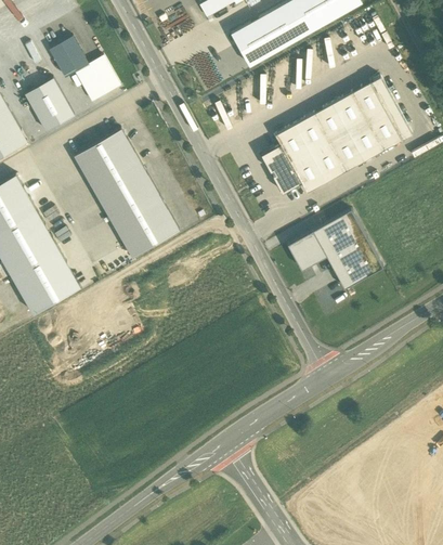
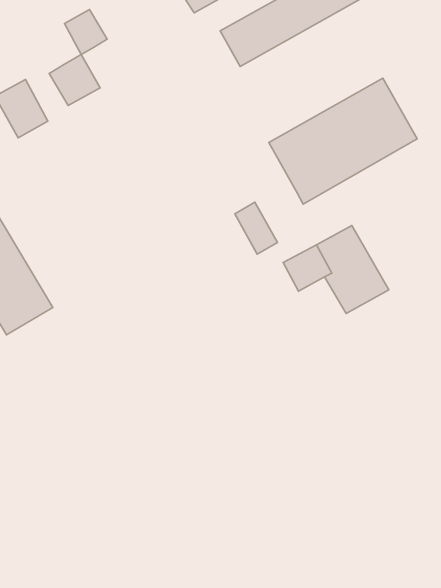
building: [49,37,88,78] -> [65,9,107,55]
building: [76,131,178,258] -> none
building: [261,145,300,193] -> [235,202,277,254]

